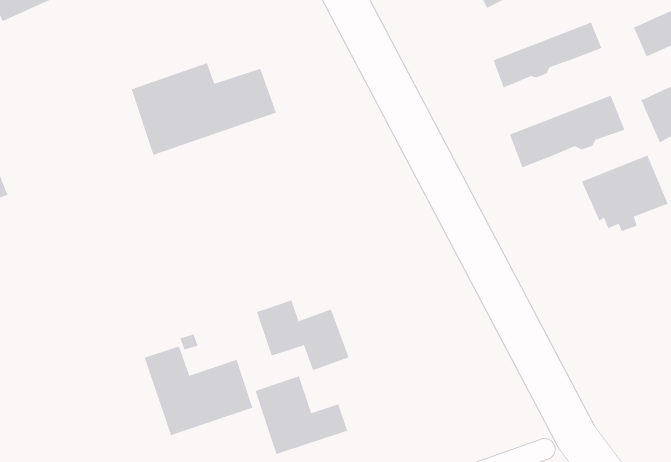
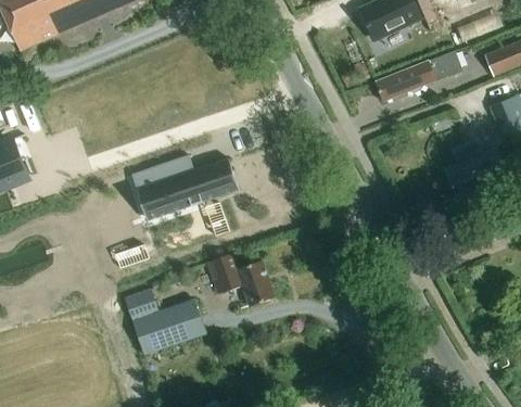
building: [131,62,277,156] -> [131,155,239,224]
building: [509,95,625,168] -> none
building: [255,376,348,455] -> none

